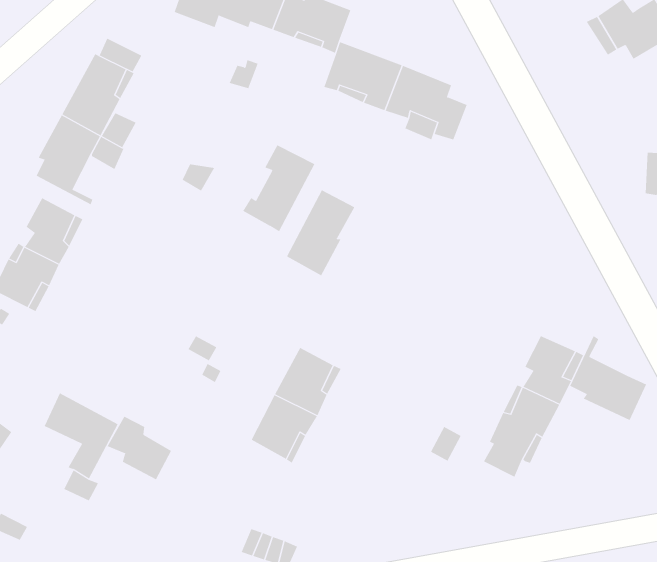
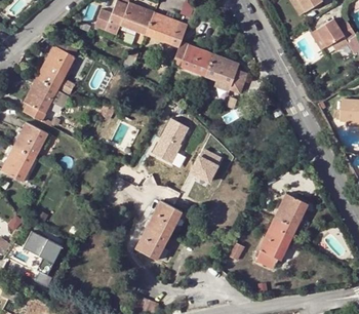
building: [243,145,315,232] -> none
building: none -> [190,149,220,182]
building: [569,335,647,421] -> none
building: [107,416,172,480] -> none

